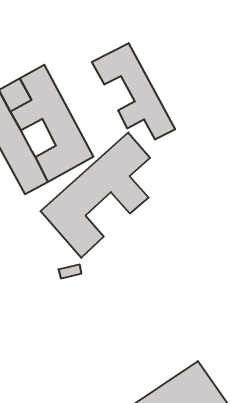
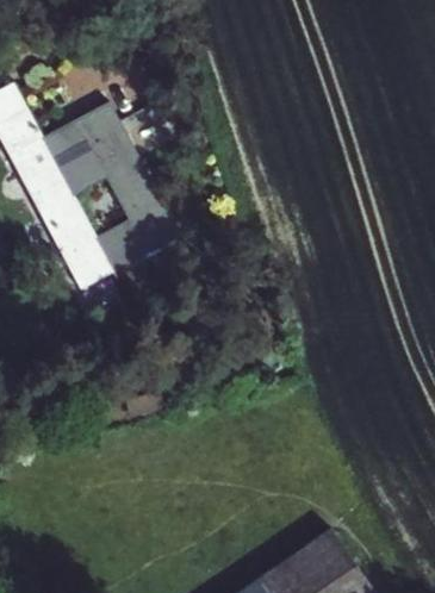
building: [92,43,175,140] -> none
building: [40,132,150,258] -> none

